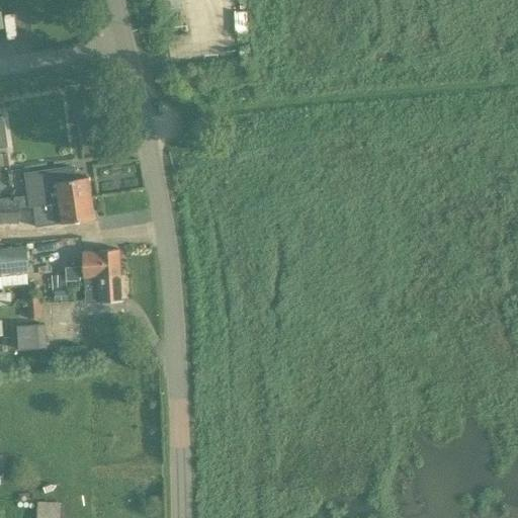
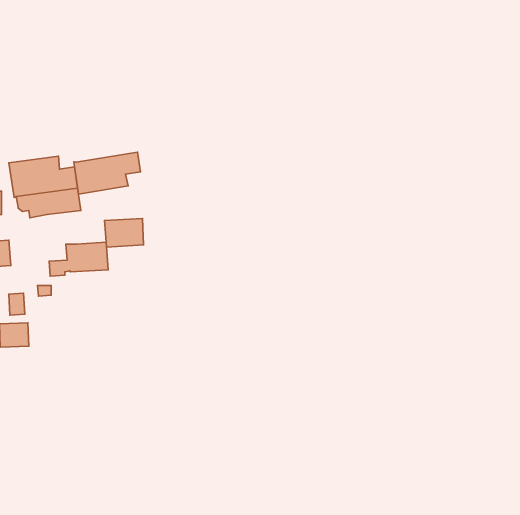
building: none -> [74,152,140,194]
building: [84,275,121,303] -> [104,218,144,247]

